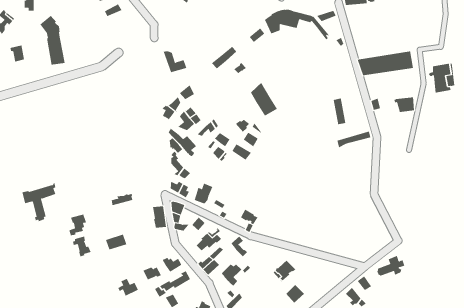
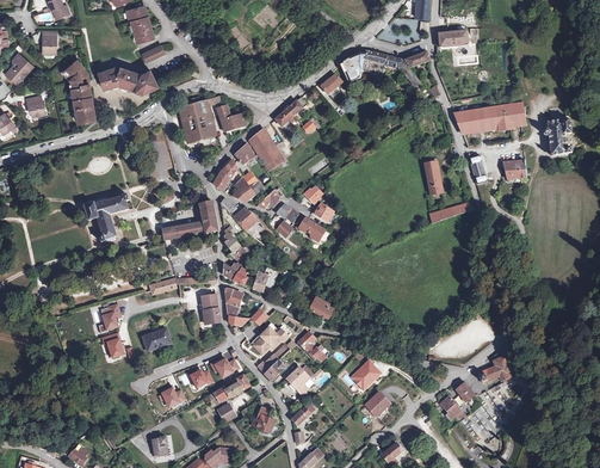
building: none -> [98,66,156,93]
building: none -> [179,98,215,141]
building: [250,82,278,117] -> [249,128,284,171]
building: none -> [162,198,217,240]
building: [21,183,56,222] -> [85,193,128,242]

